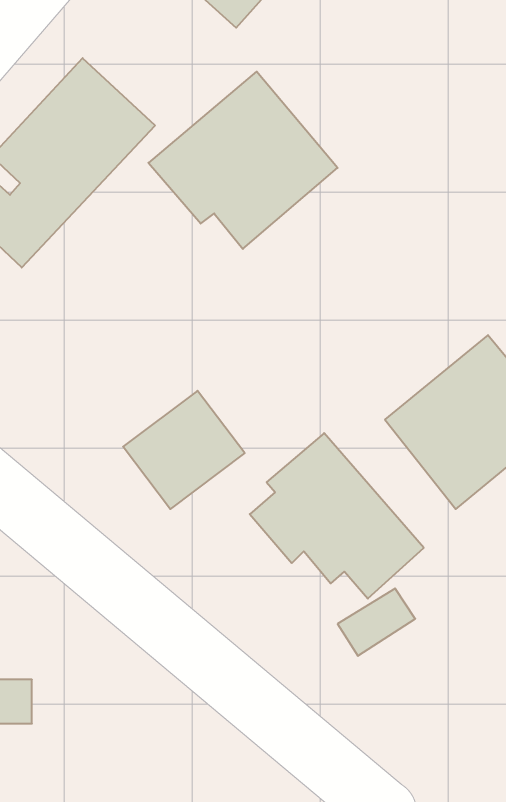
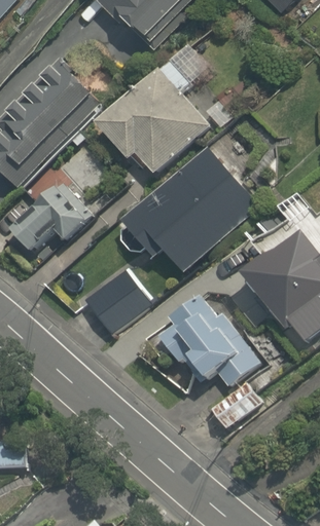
building: none -> [118,135,257,275]
building: none -> [13,184,99,255]

